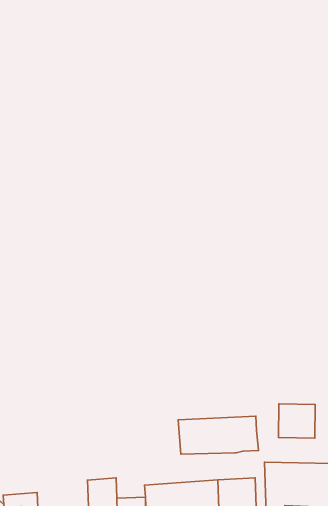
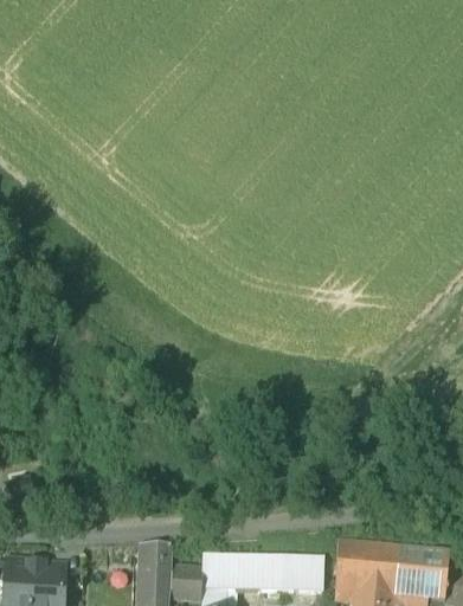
building: [278,404,315,438] -> none
building: [178,416,259,454] -> none

